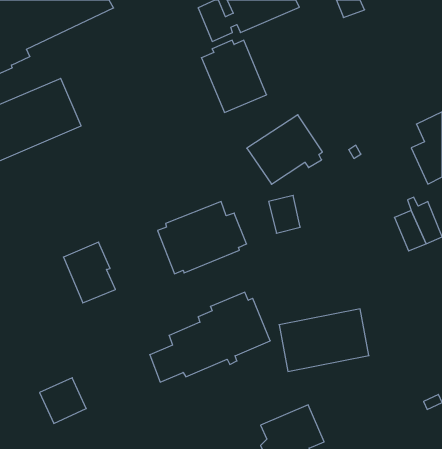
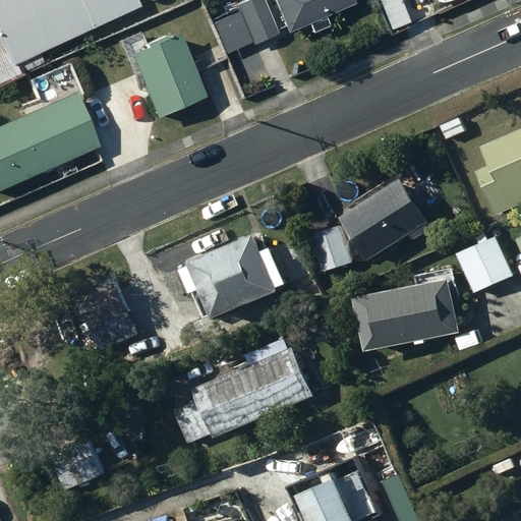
building: [201,40,267,112] -> [125,35,200,118]
building: [247,115,322,184] -> [340,178,427,258]
building: [279,309,369,371] -> [356,278,460,350]

